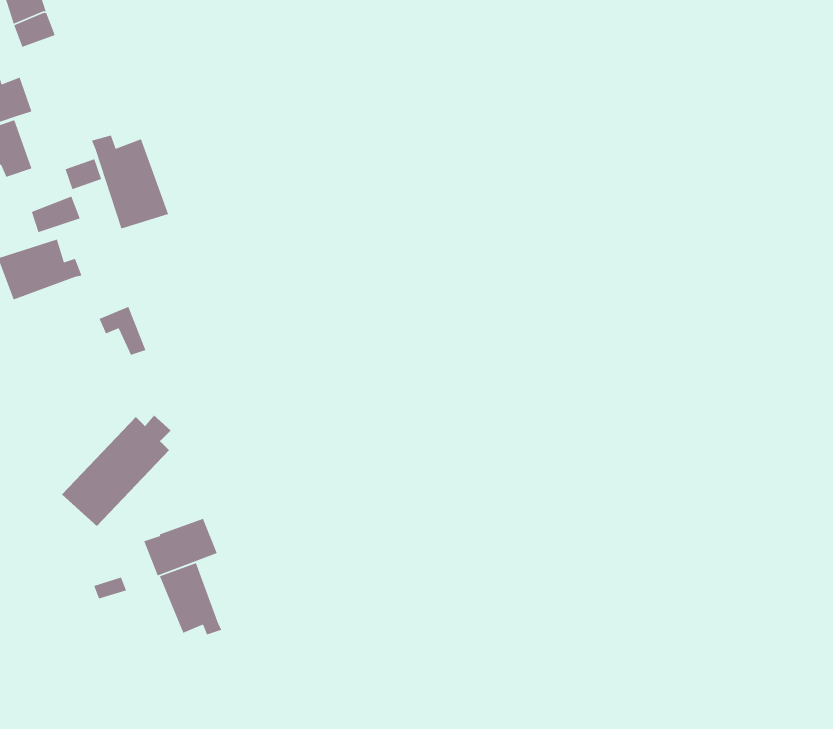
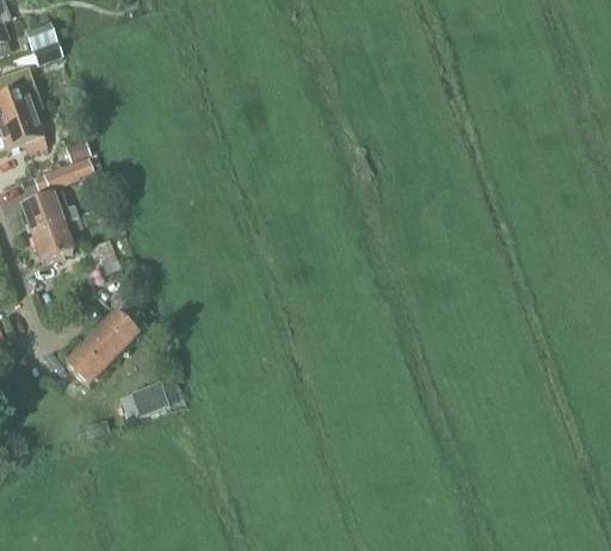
building: [91,134,169,230] -> none
building: none -> [32,218,76,261]
building: [159,562,222,636] -> none

